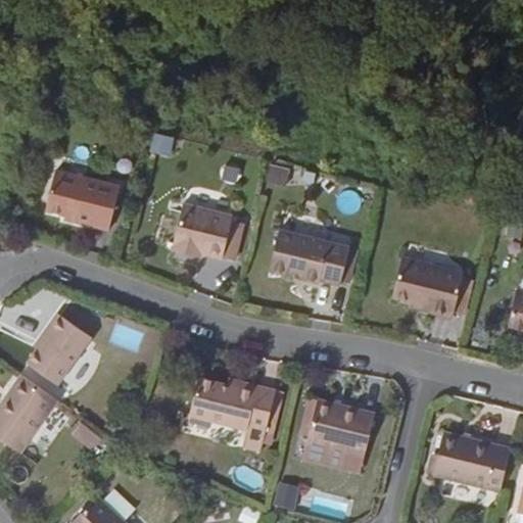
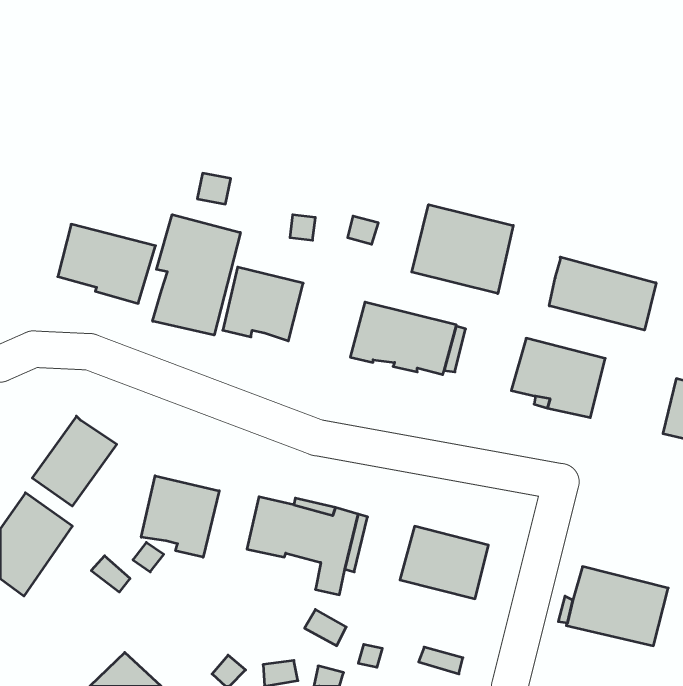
building: none -> [412,205,513,294]
building: none -> [153,215,240,335]
building: none -> [549,257,656,330]
building: none -> [141,476,219,557]

